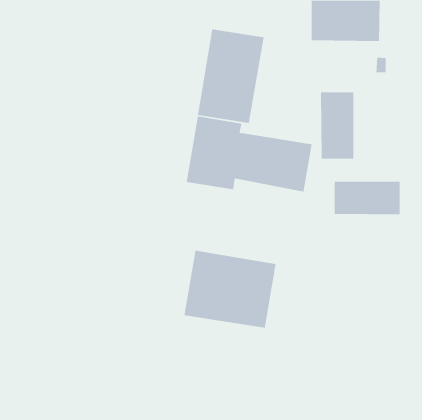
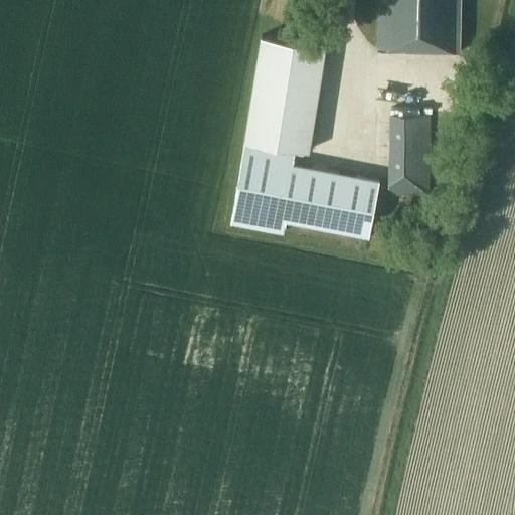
building: [334,181,400,215] -> none
building: [184,250,276,328] -> none

